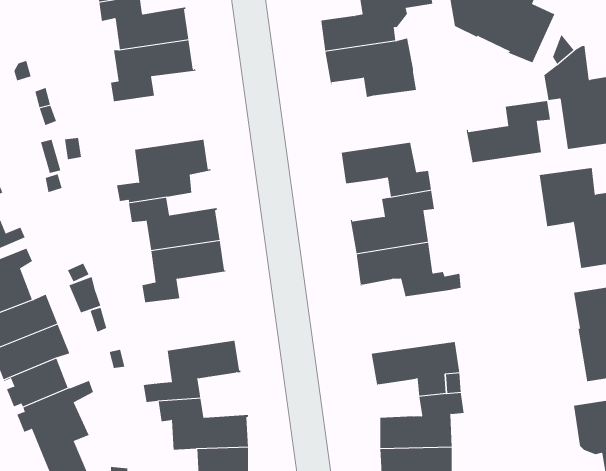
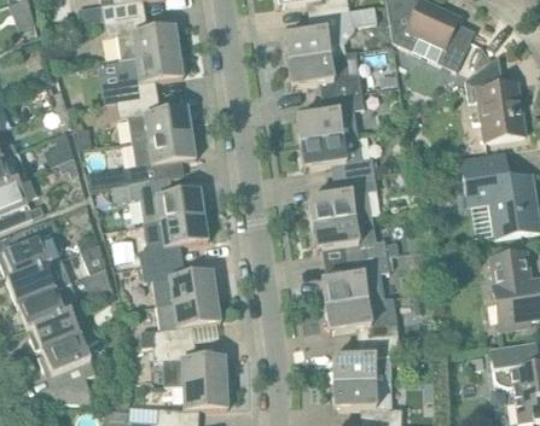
building: none -> [116,95,190,140]
building: [466,100,551,163] -> [296,91,365,141]
building: none -> [321,252,394,304]
building: none -> [141,259,215,302]

